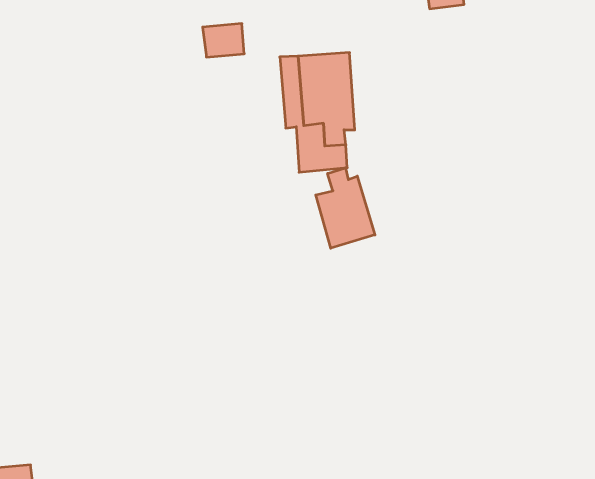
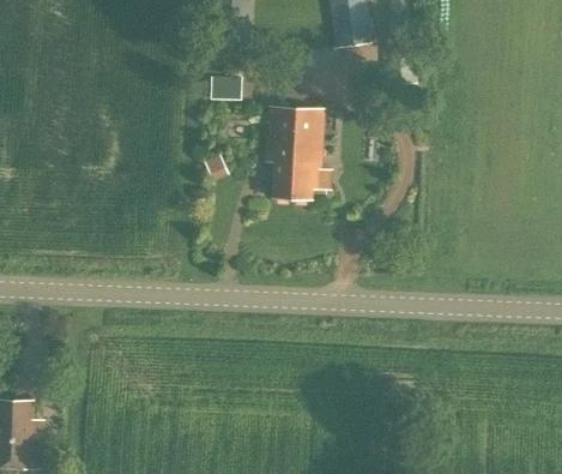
building: [316,168,375,248] -> none

